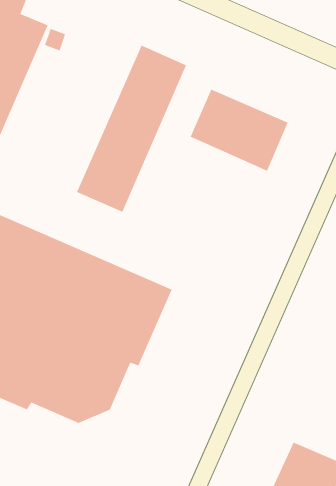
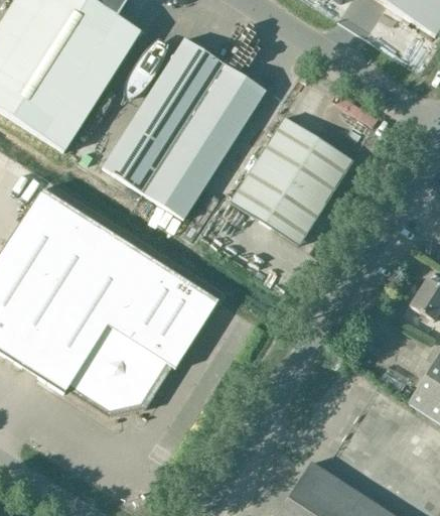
building: none -> [102,37,226,194]
building: none -> [231,158,326,245]

